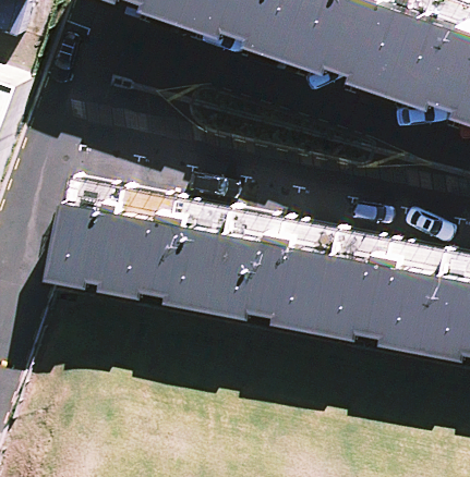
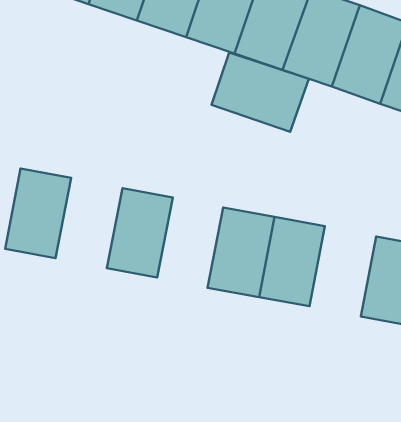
building: none -> [211,53,309,132]
building: [98,198,169,294] -> none
building: [206,219,276,315] -> none
building: [367,249,438,345] -> none

